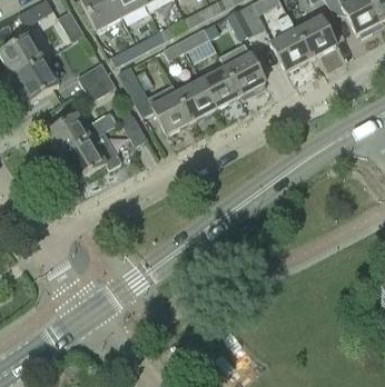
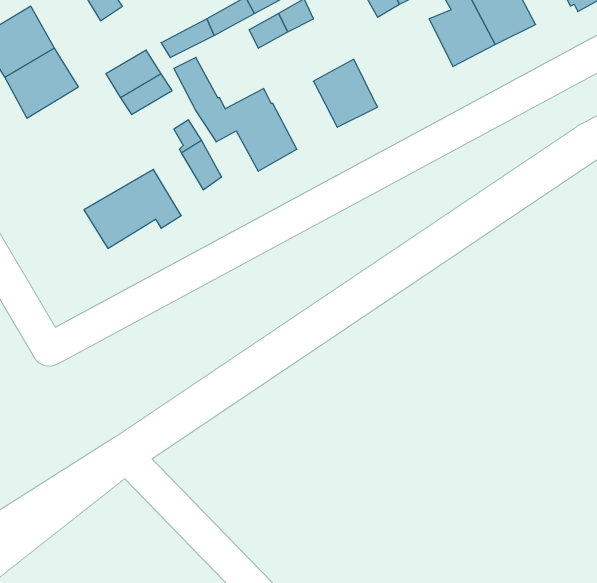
building: [226,54,265,96] -> none
building: [177,80,216,121] -> none
building: [47,111,116,158] -> none

